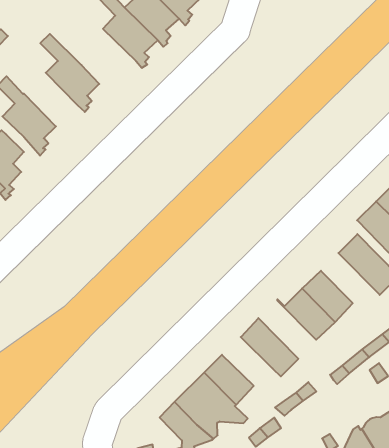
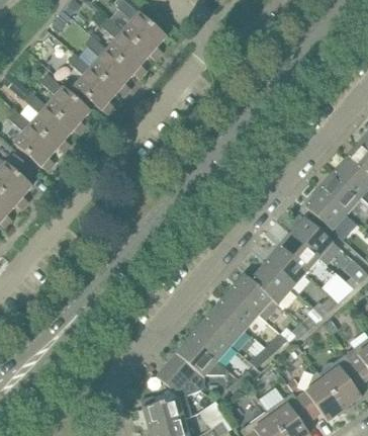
building: none -> [69,53,118,114]
building: none -> [24,91,74,152]
building: none -> [278,233,327,272]
building: none -> [231,274,278,320]
building: none -> [203,306,245,344]

